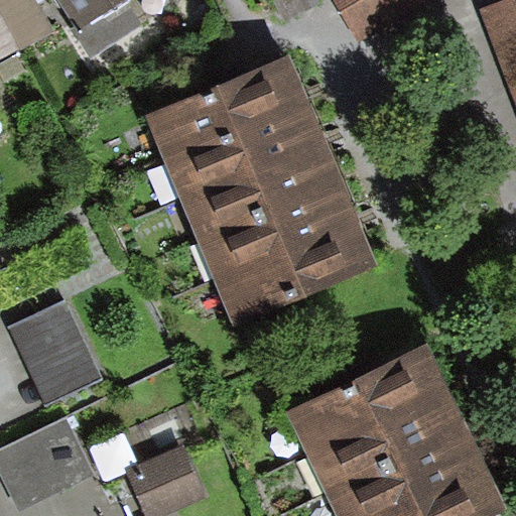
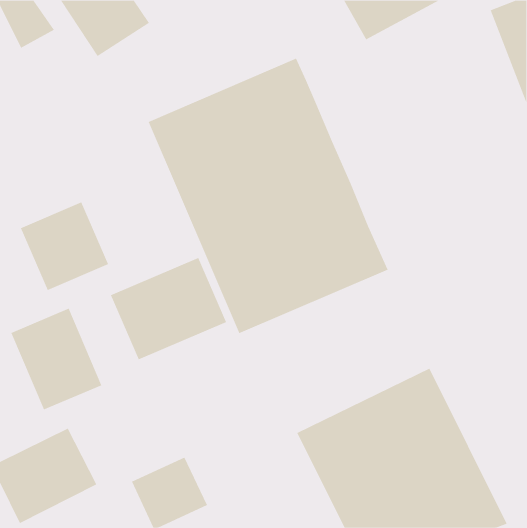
building: none -> [20,201,109,291]
building: none -> [110,257,227,360]

